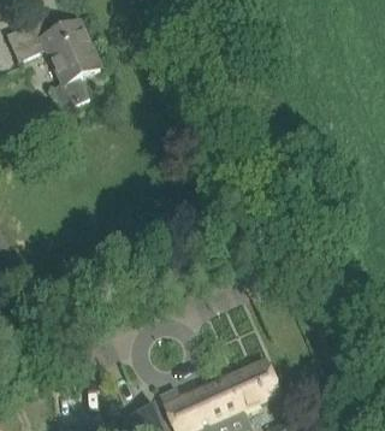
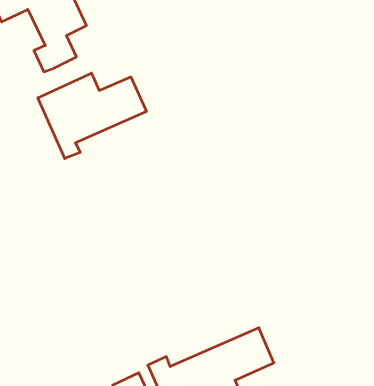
building: none -> [38,73,146,159]

